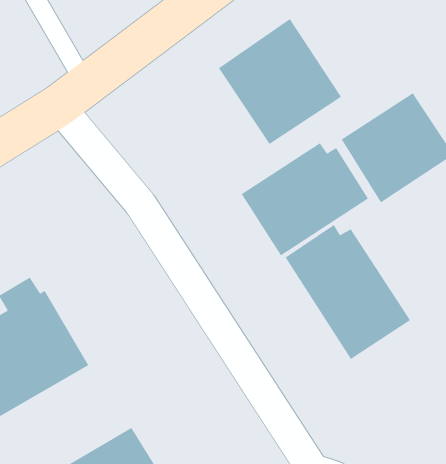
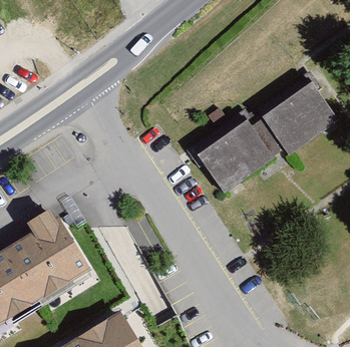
building: [218,18,342,145] -> none
building: [285,224,411,360] -> none

